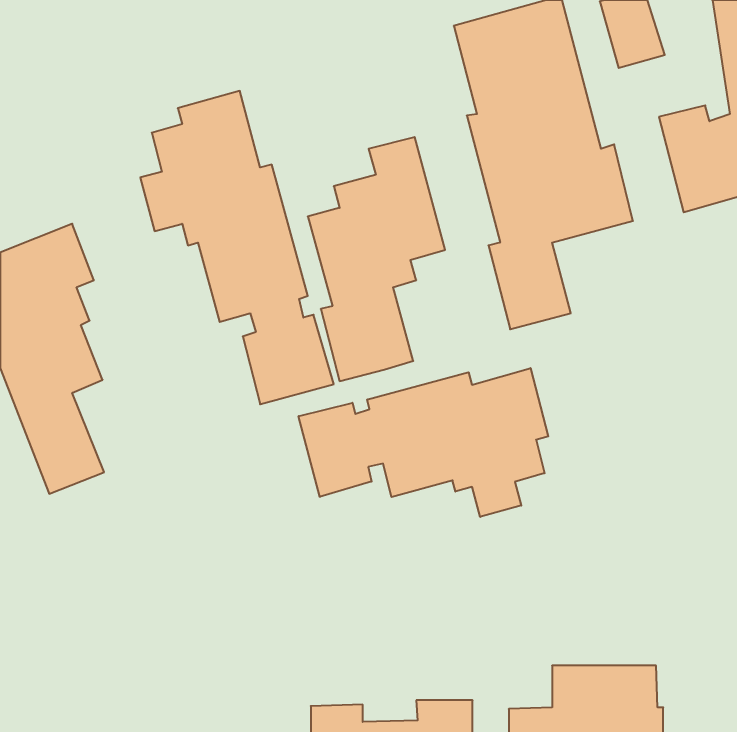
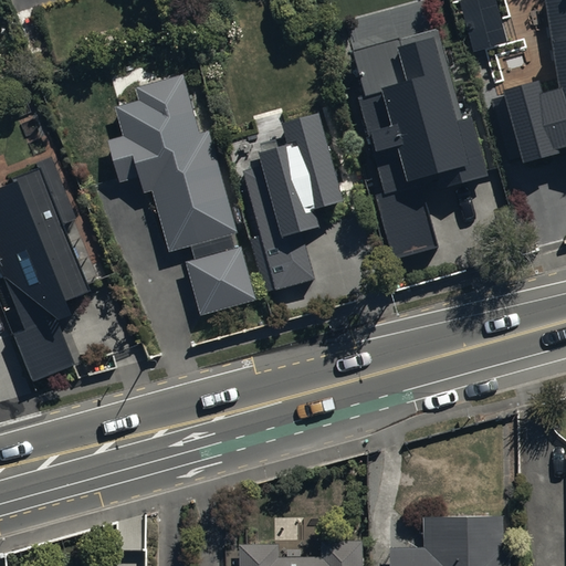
building: [299,368,548,517] -> none

